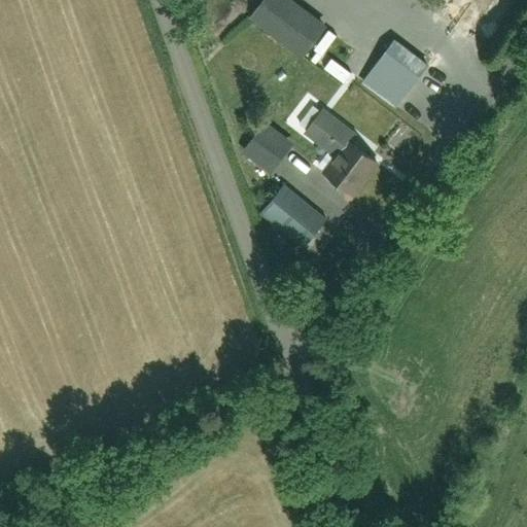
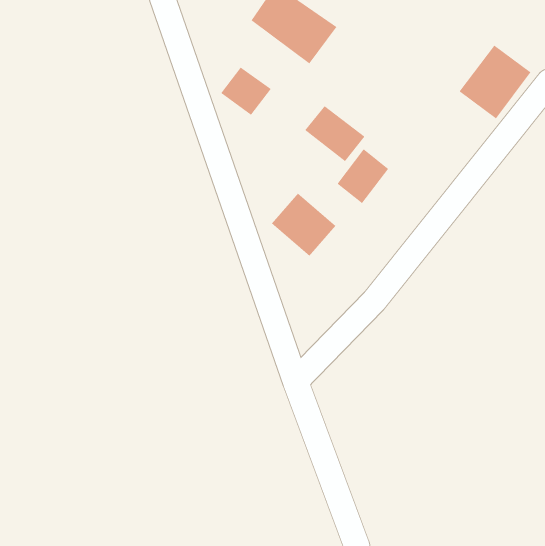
building: [360,40,430,112] -> [459,44,532,120]
building: [242,128,291,175] -> [220,66,272,116]

